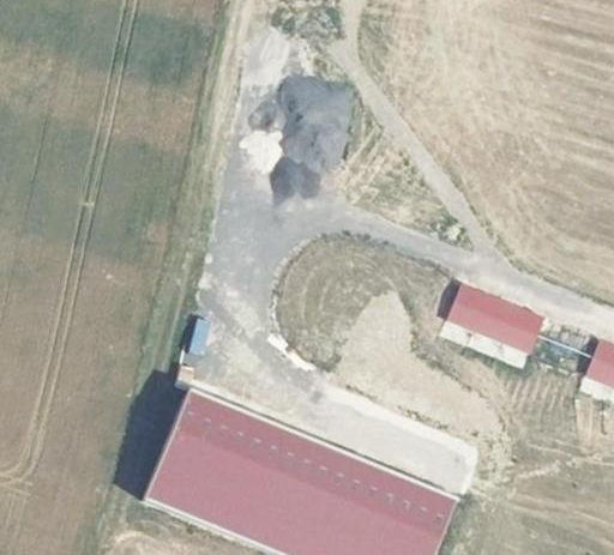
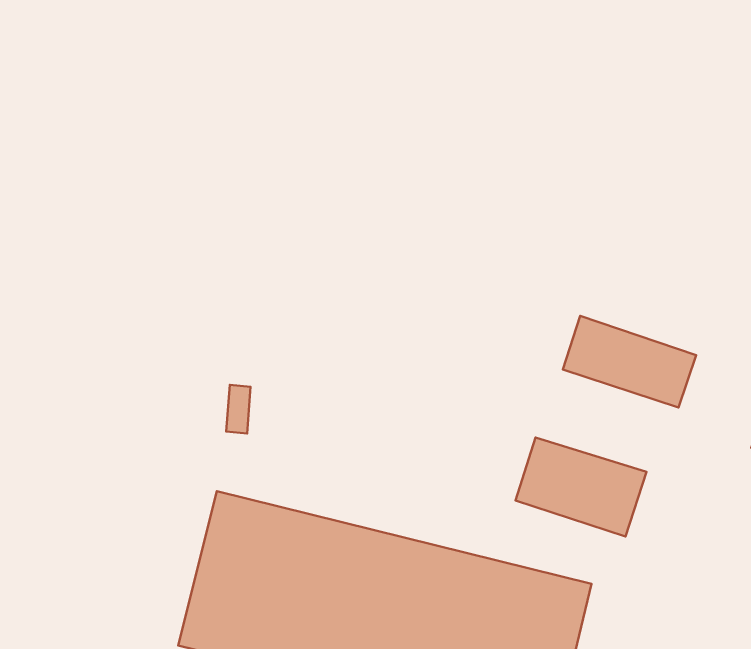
building: none -> [516,437,647,536]

